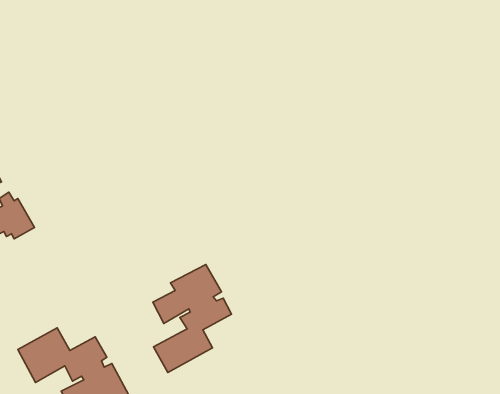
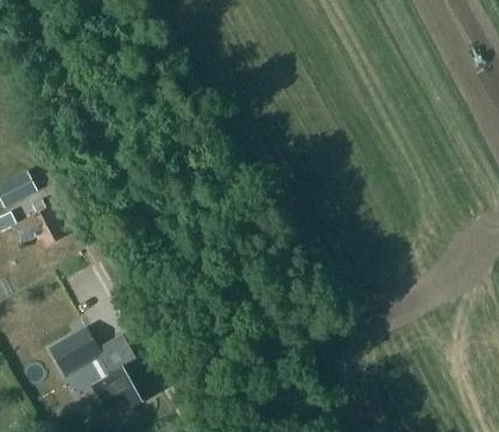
building: [153,264,232,372] -> none

